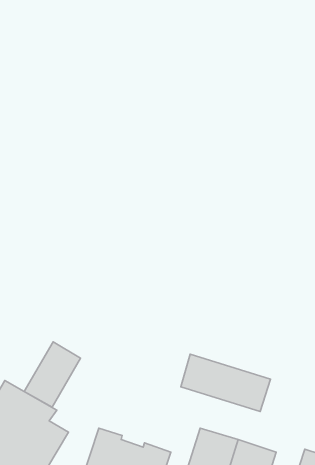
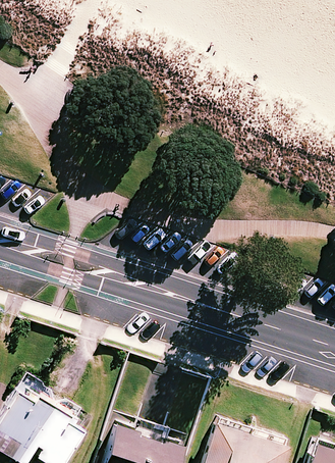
building: [24,342,81,407] -> none
building: [181,354,270,411] -> none

